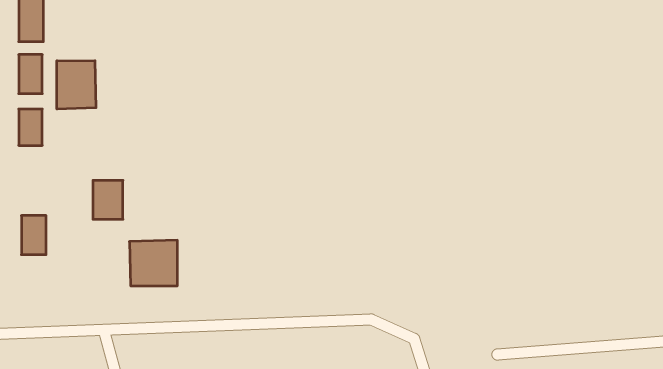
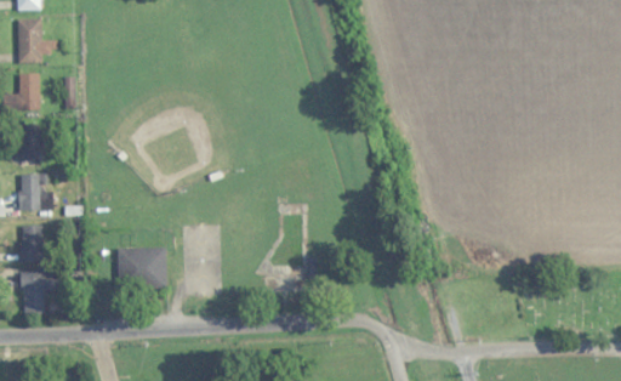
building: [57,61,96,109] -> none
building: [93,180,123,219] -> [19,174,47,210]
building: none -> [22,272,62,314]

